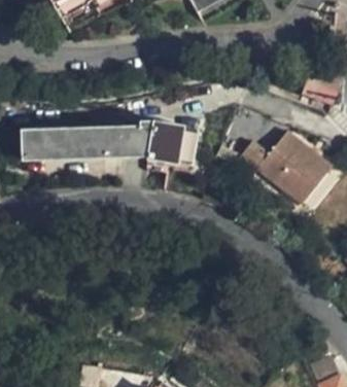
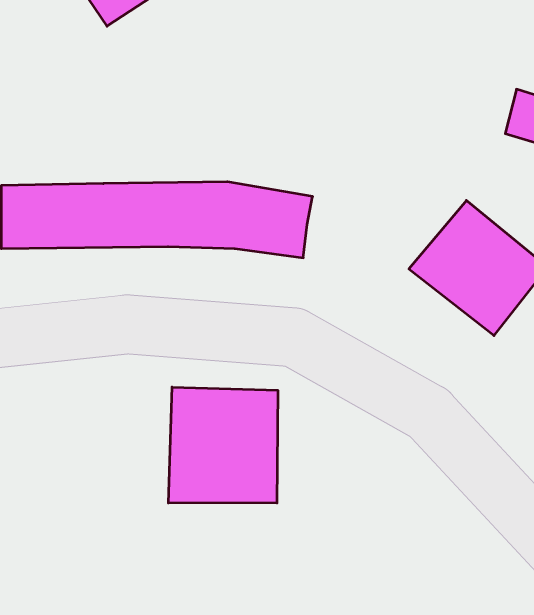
building: none -> [168,387,278,503]

